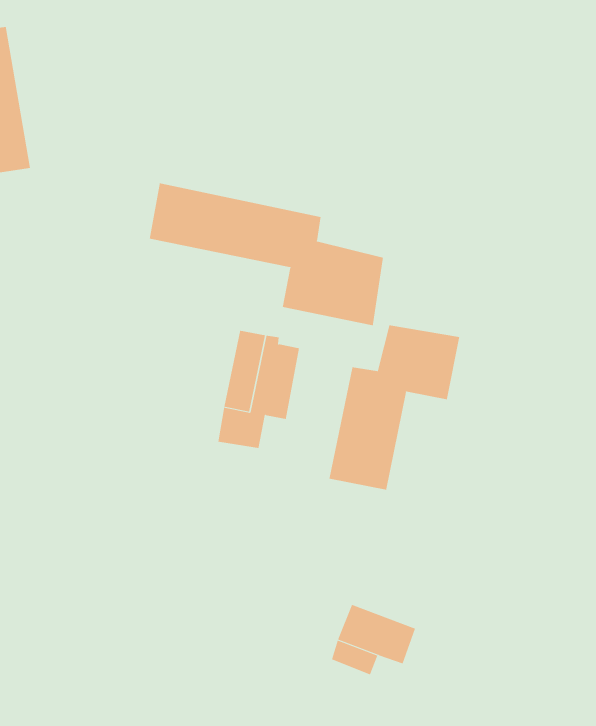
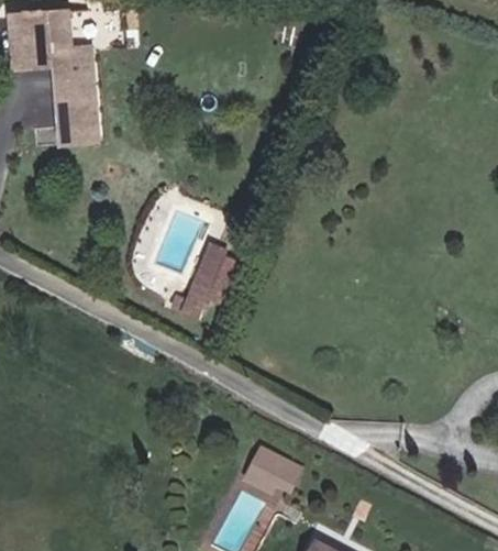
building: [149,183,384,326] -> none
building: [329,325,460,490] -> none

